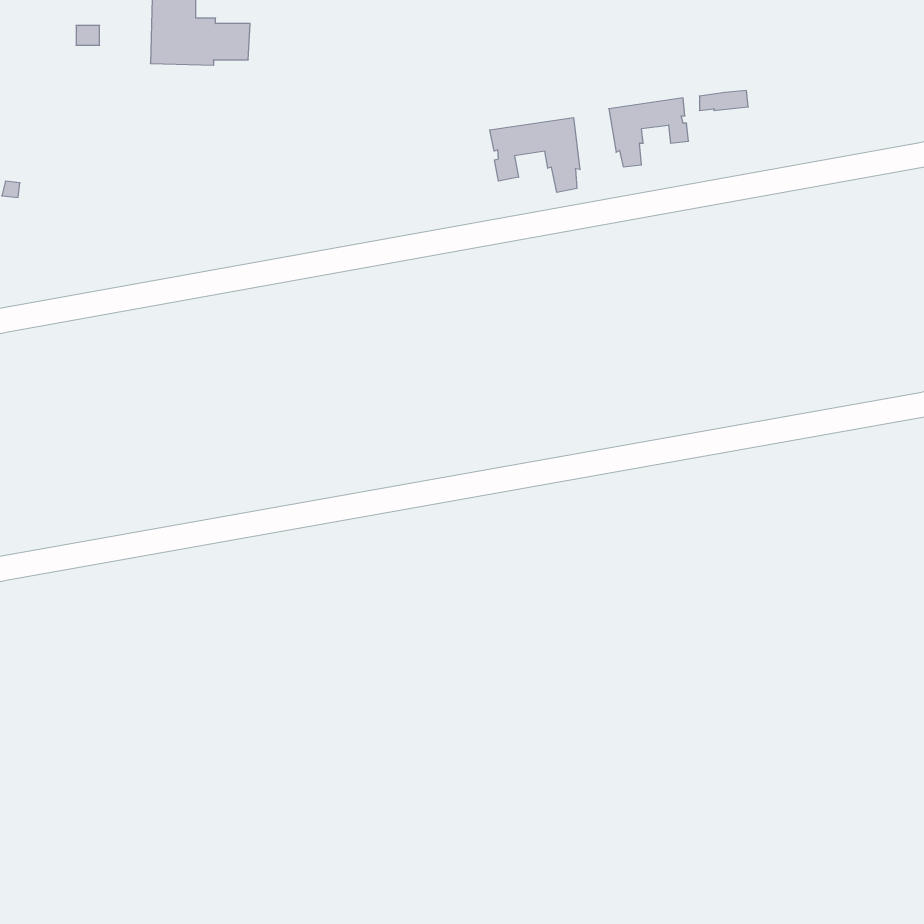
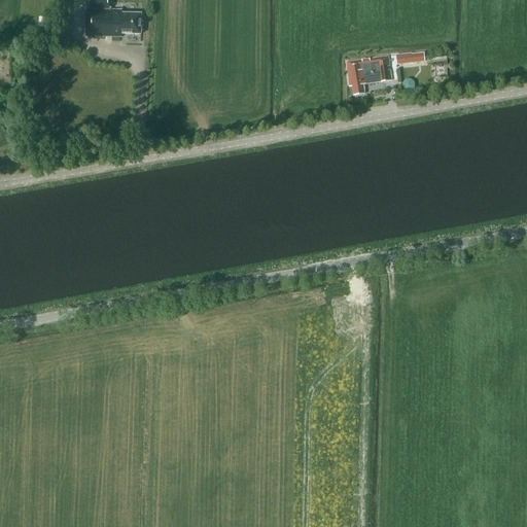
building: [490,118,580,192] -> none

